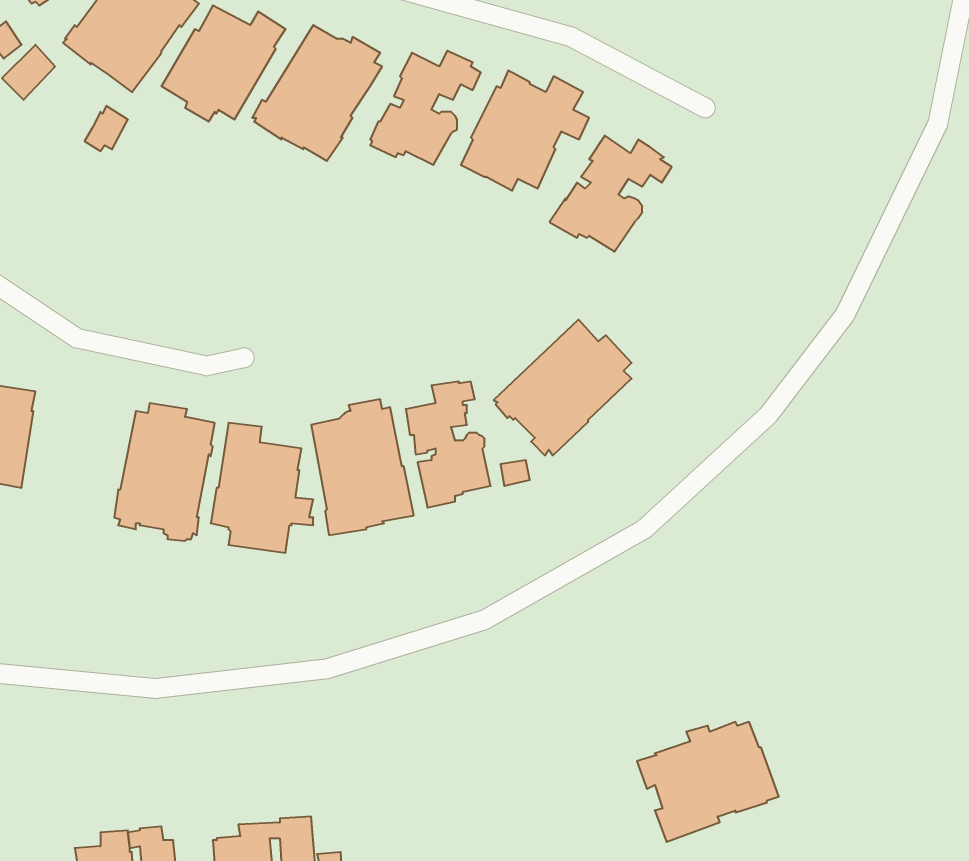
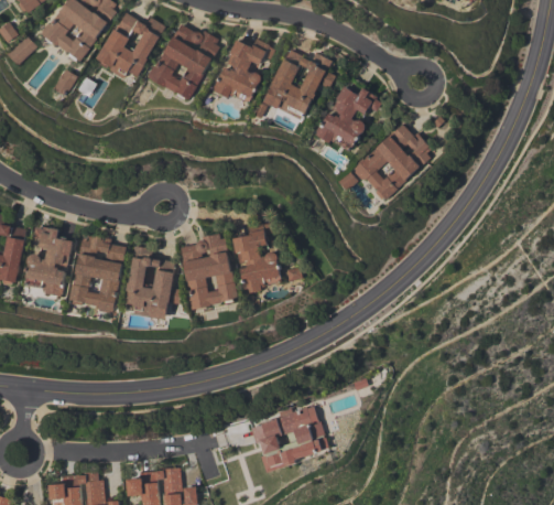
building: [494,320,632,455] -> [354,123,431,200]
building: none -> [25,226,73,296]
building: [637,722,779,842] -> [249,406,328,473]

